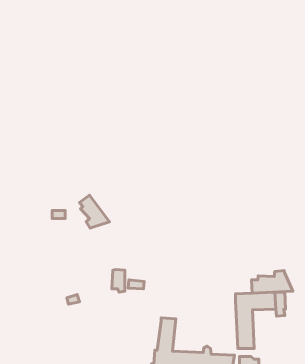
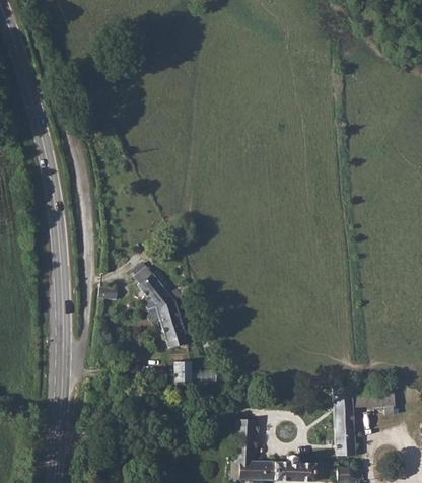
building: none -> [151,299,192,351]
building: [252,270,293,293] -> none

